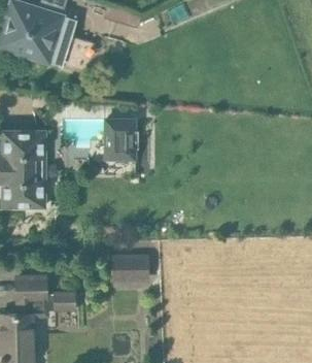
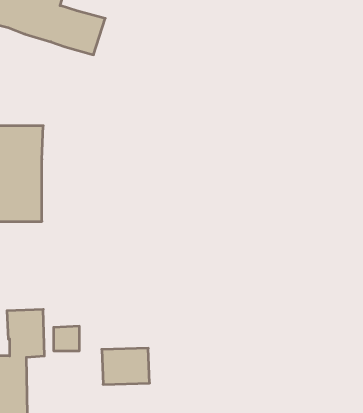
building: [102,118,136,161] -> none
building: [110,254,148,283] -> [102,348,150,384]

